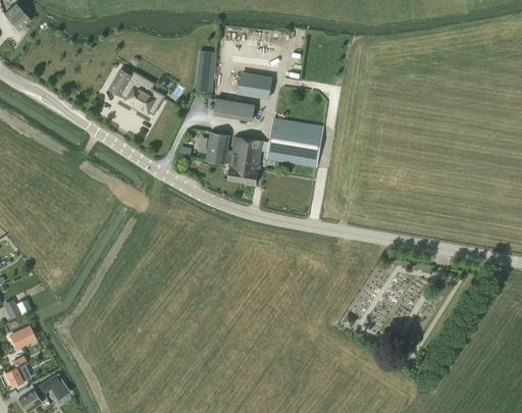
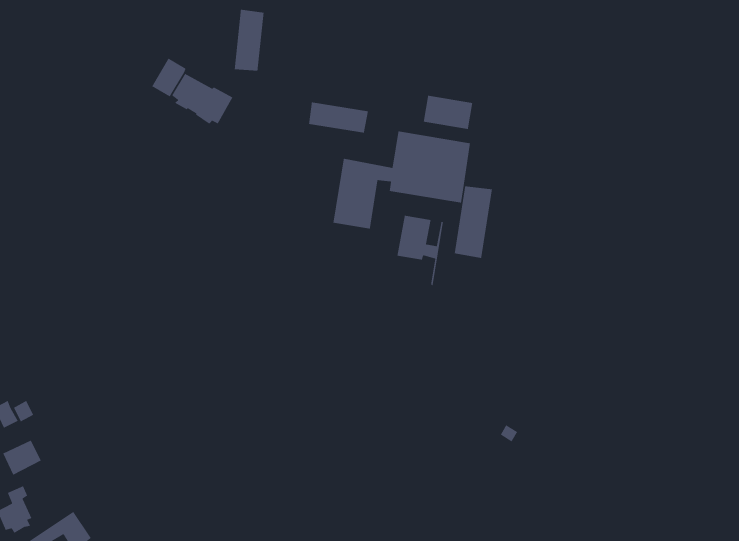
building: [196,51,216,93] -> [234,9,264,71]
building: [238,75,271,99] -> [423,95,473,130]
building: [206,133,238,180] -> [397,215,444,286]
building: none -> [454,185,493,259]

